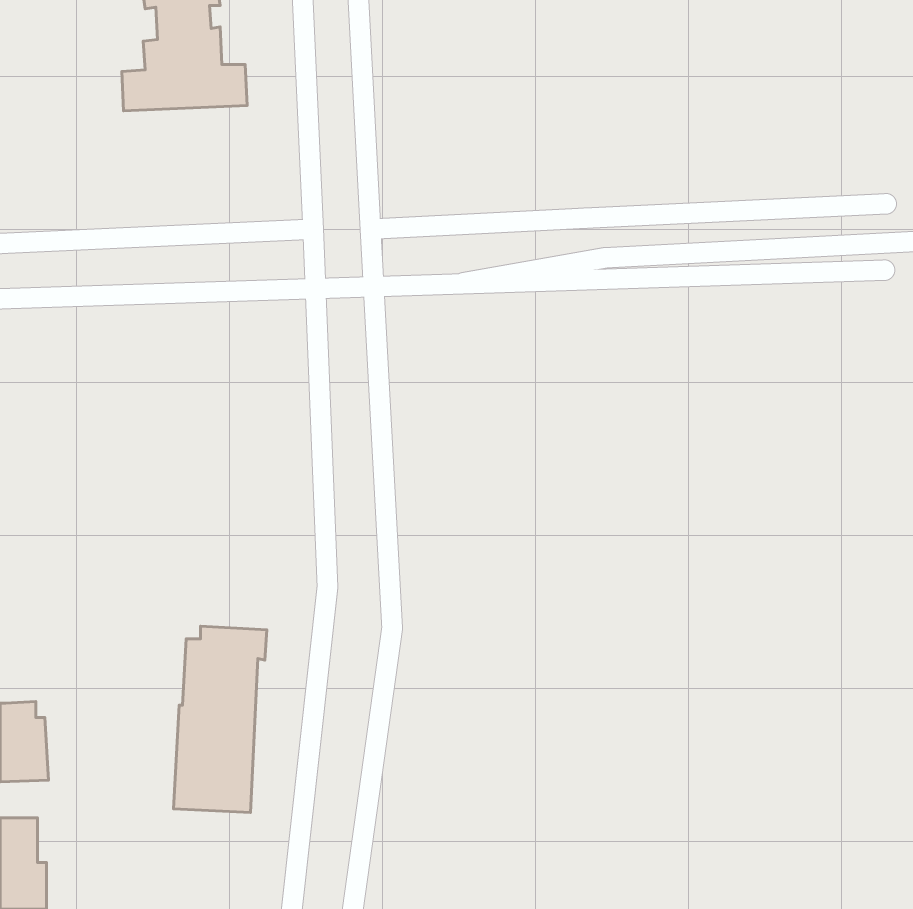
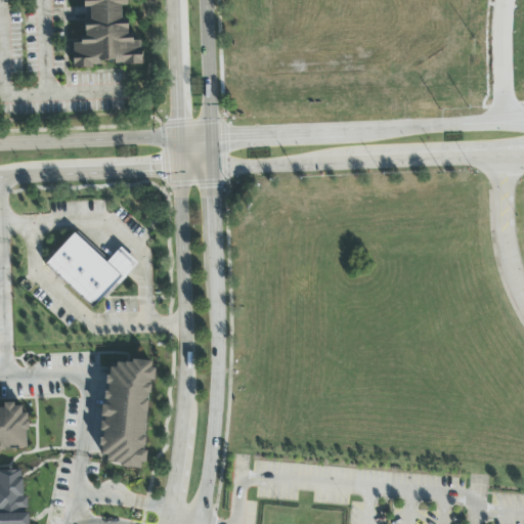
building: none -> [45,231,137,307]

